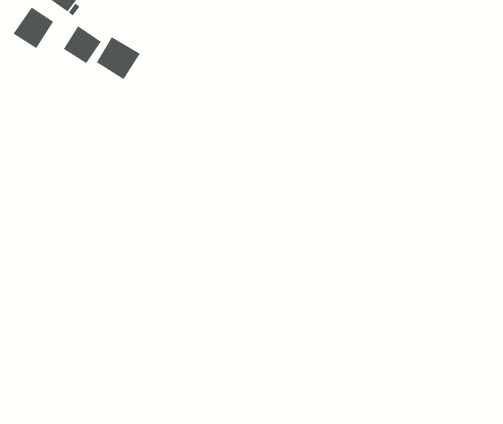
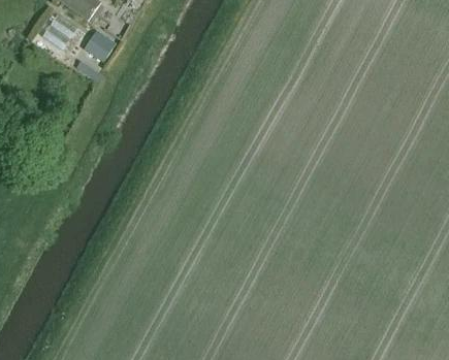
building: [96,36,141,80] -> none

